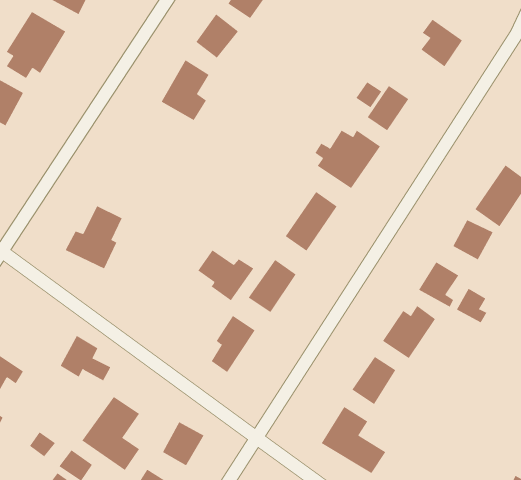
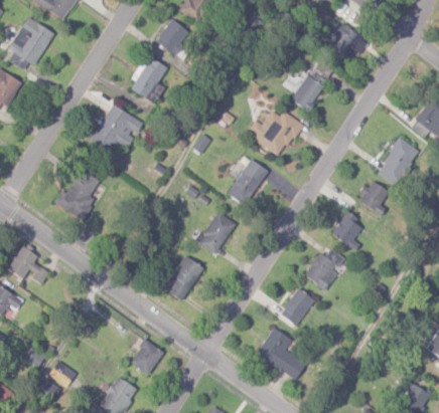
building: none -> [90,104,143,152]
building: [198,249,254,301] -> none
building: [456,288,487,323] -> none
building: [60,335,111,381] -> [8,245,48,281]
building: [82,396,140,471] -> none

